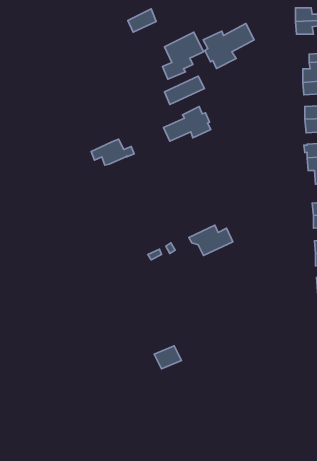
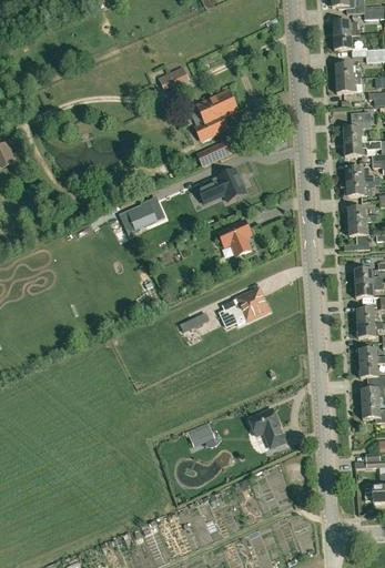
building: [203,24,254,68] -> none
building: none -> [217,219,252,254]
building: none -> [249,407,285,446]

